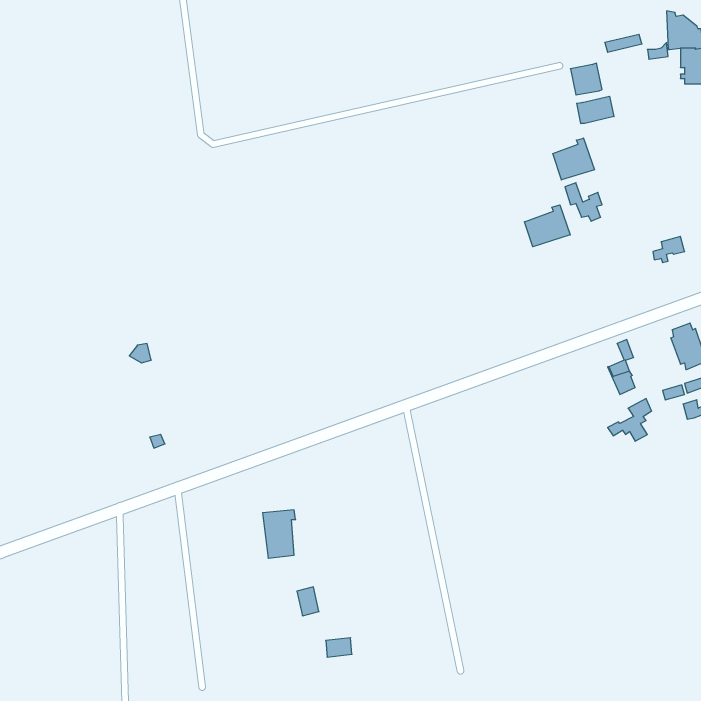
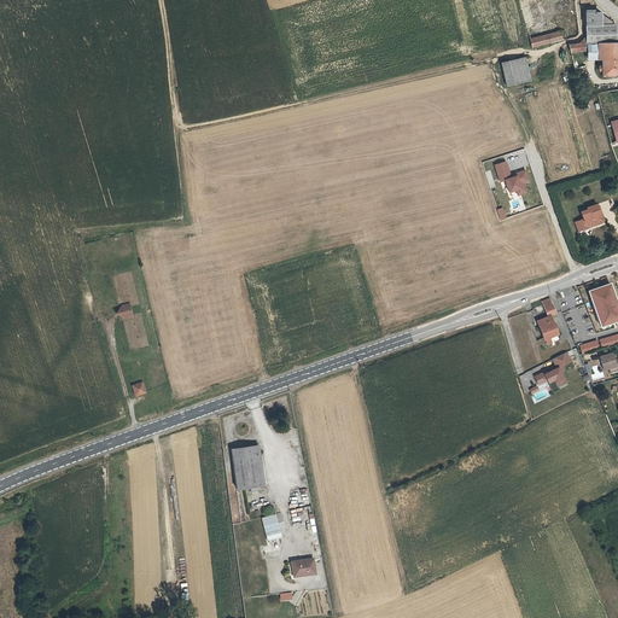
building: [577,96,614,124] -> none
building: [553,138,594,180] -> none
building: [524,205,570,247] -> none

